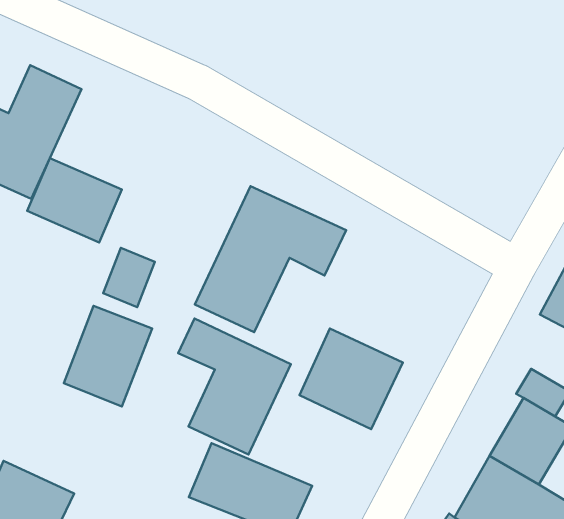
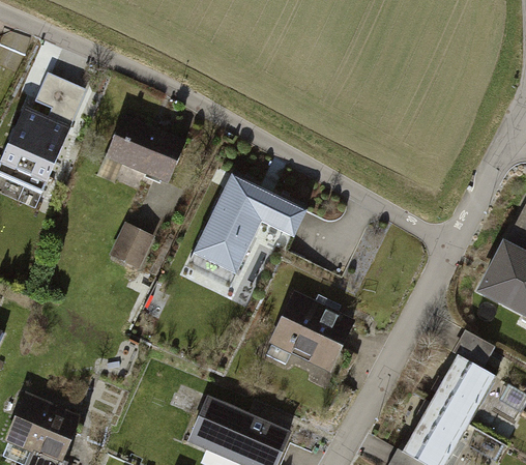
building: [27,158,122,242] -> [107,120,184,190]
building: [64,306,152,406] -> none
building: [178,318,291,454] -> none

